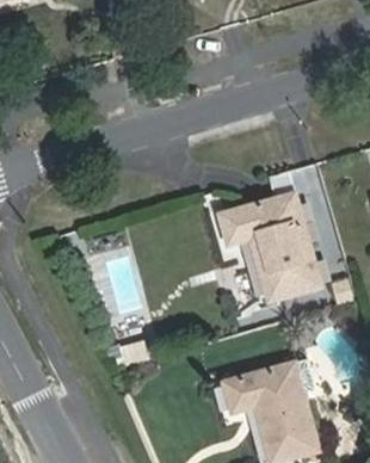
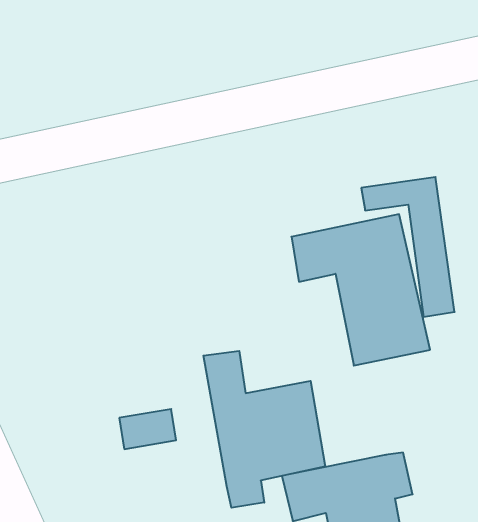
building: none -> [203,351,325,508]

